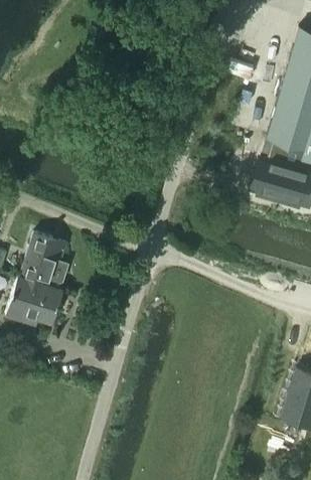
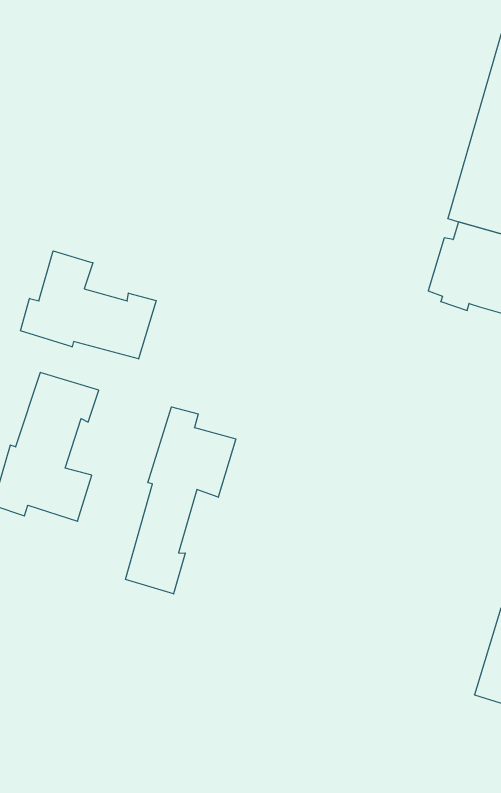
building: none -> [21,251,156,359]
building: none -> [125,407,236,594]

